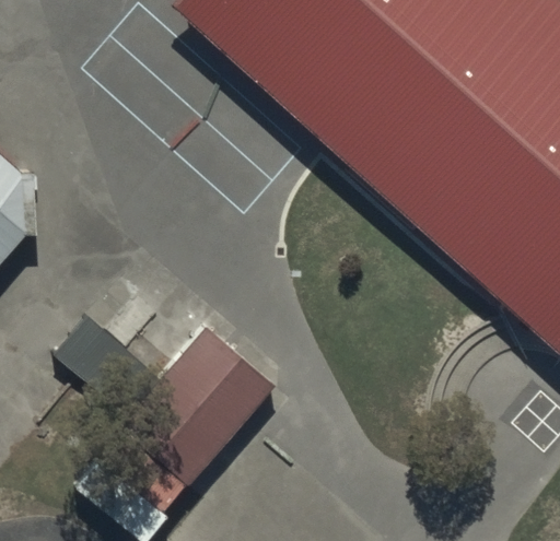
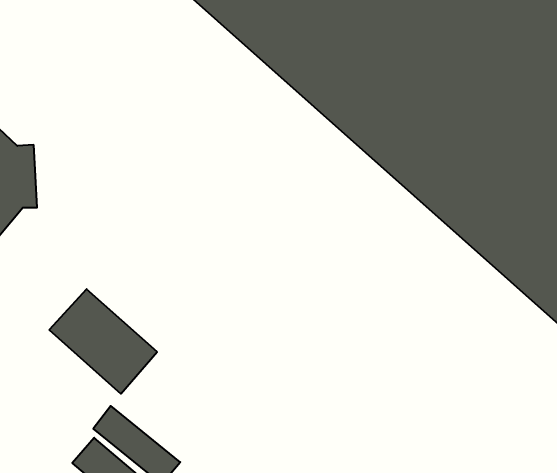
building: [119,328,273,484] -> none

